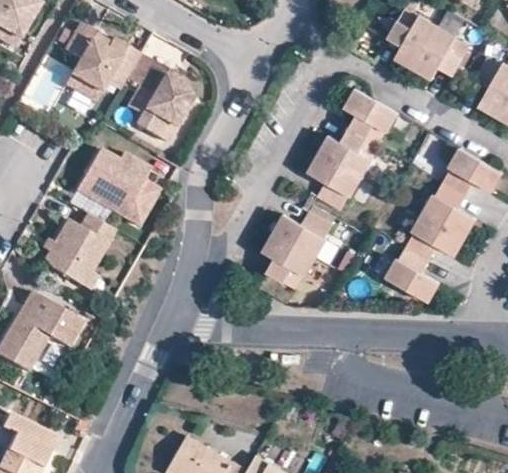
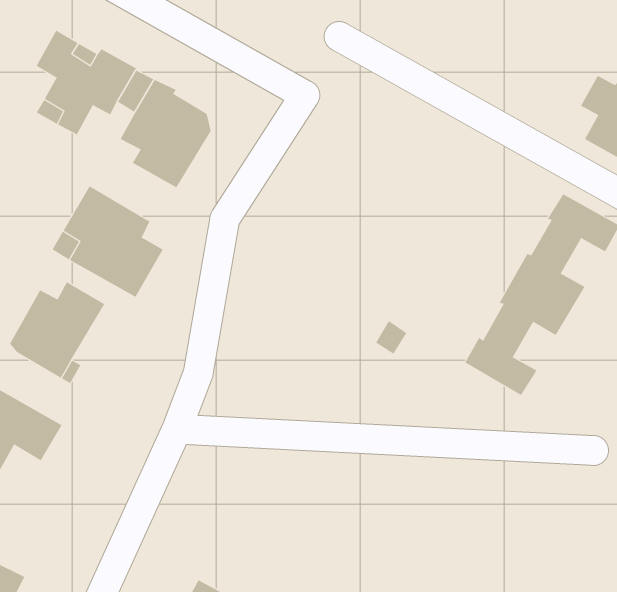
building: [389,10,468,80] -> none
building: [308,87,399,207] -> none
building: [257,212,327,290] -> none

